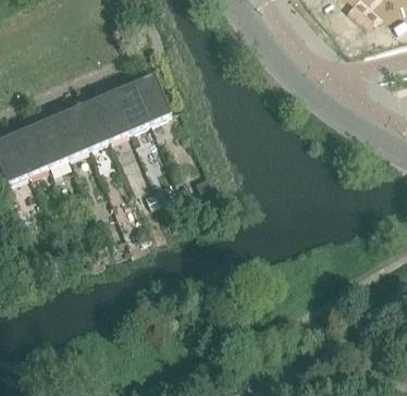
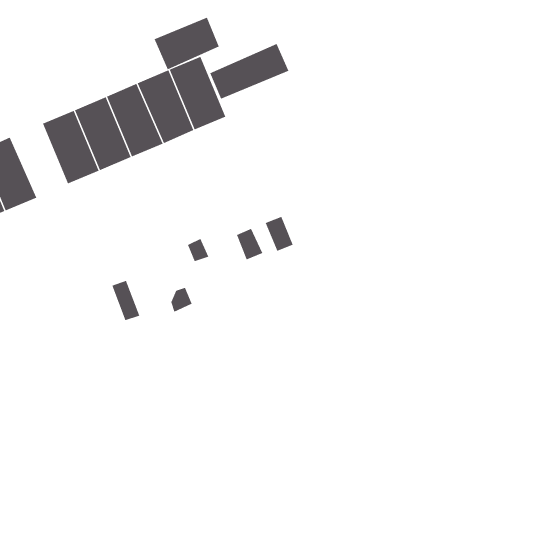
building: none -> [154,17,220,70]
building: none -> [210,43,289,100]
building: [30,116,67,164] -> none

